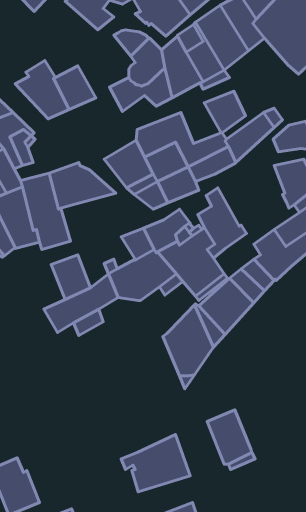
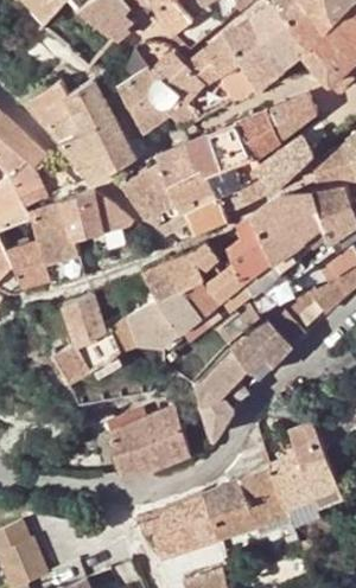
building: none -> [119,46,158,104]
building: none -> [268,92,318,136]
building: none -> [61,116,145,180]
building: none -> [209,122,254,167]
building: none -> [250,192,328,268]
building: none -> [106,408,190,475]
building: none -> [269,421,343,509]
building: none -> [203,478,258,538]

